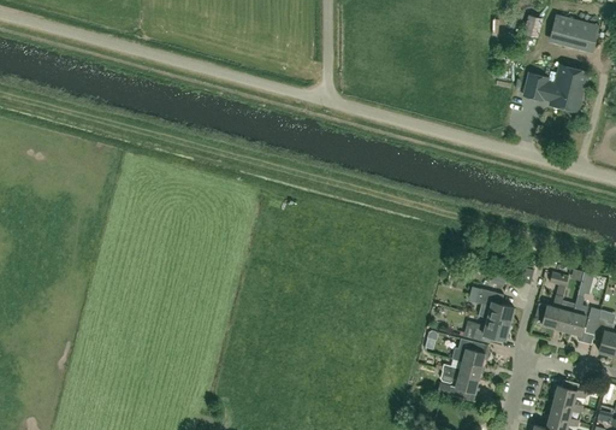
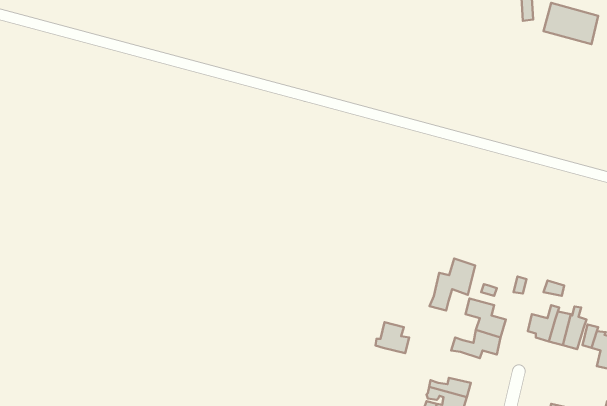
building: [523,65,587,113] -> none
building: none -> [430,259,475,310]
building: [454,338,485,367] -> [375,322,409,353]

